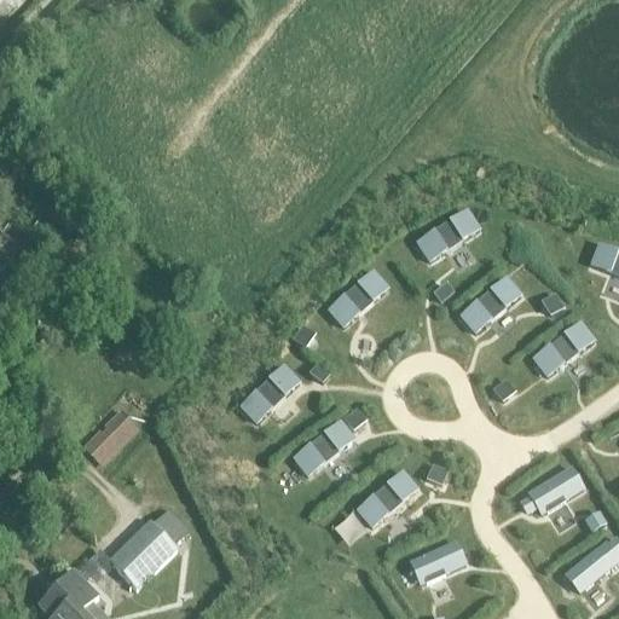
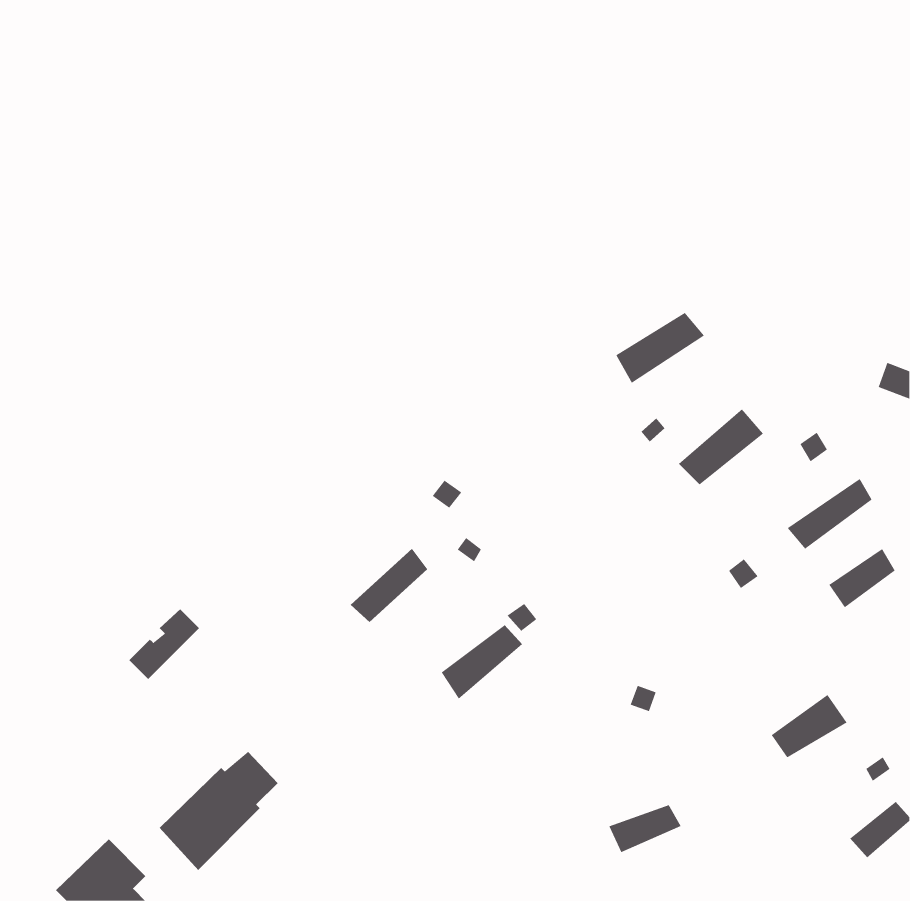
building: [331,271,384,322] -> none
building: none -> [829,548,896,608]
building: [358,474,413,523] -> none

